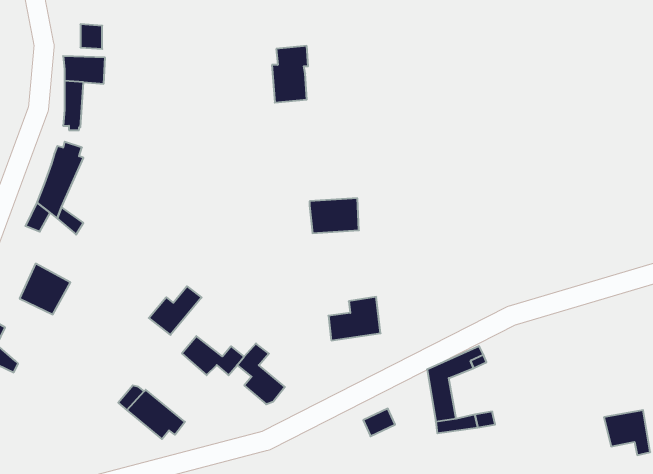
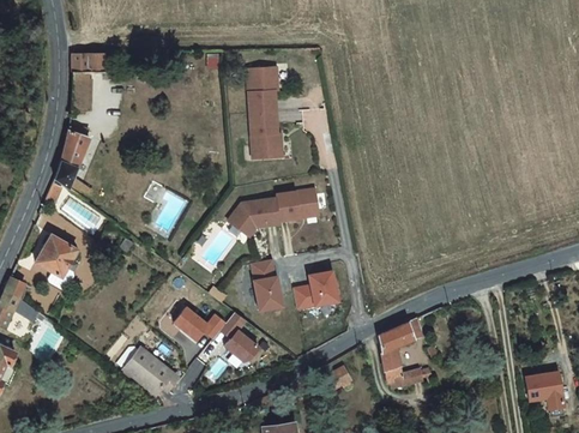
building: none -> [249,110,283,158]
building: none -> [229,198,281,234]
building: none -> [253,260,279,309]
building: [149,286,202,335] -> none

